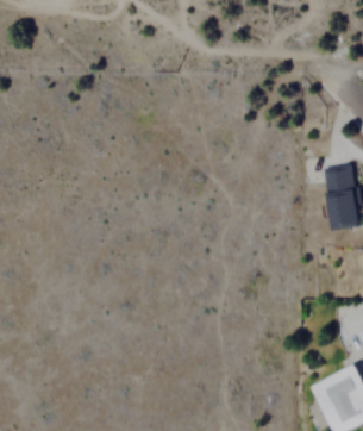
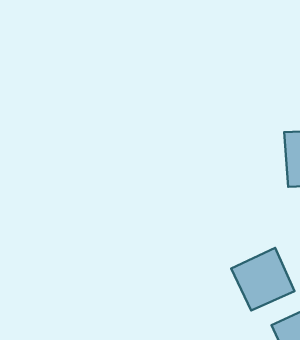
building: none -> [231,248,295,311]

